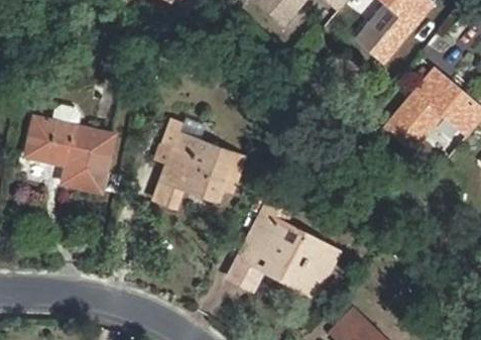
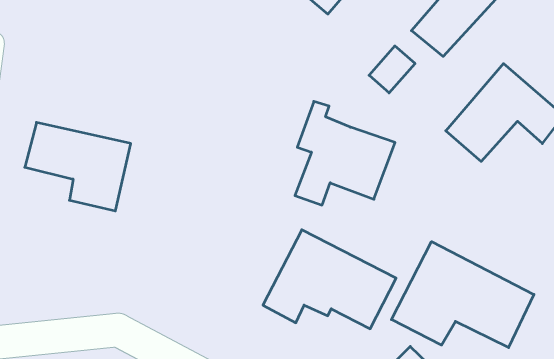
building: [153,119,239,208] -> [295,101,395,205]
building: none -> [391,242,534,348]

